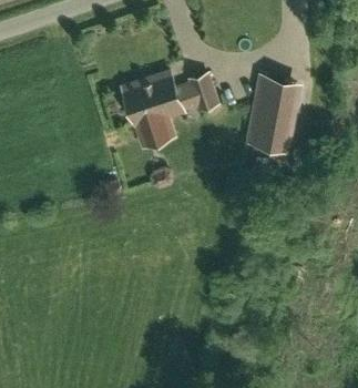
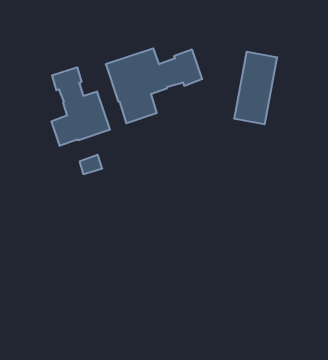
building: none -> [51,67,110,146]

